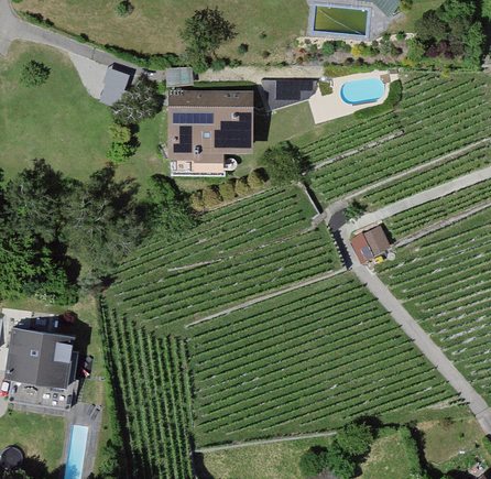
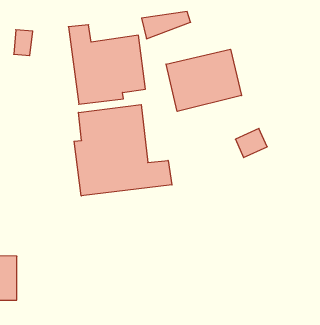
building: none -> [166,49,242,111]
building: none -> [74,105,172,196]

